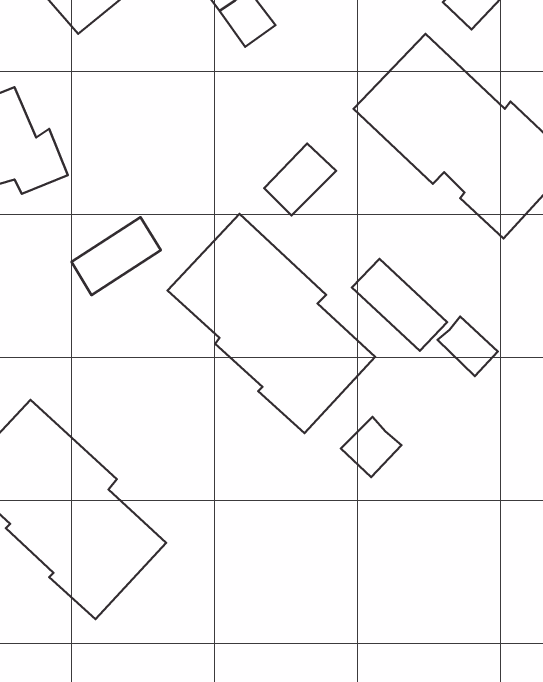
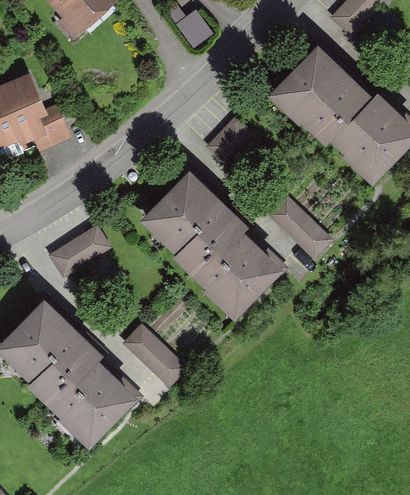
building: [71,217,161,295] -> [48,226,110,280]
building: [437,317,498,376] -> none
building: [341,417,401,477] -> none
building: none -> [121,325,187,390]

